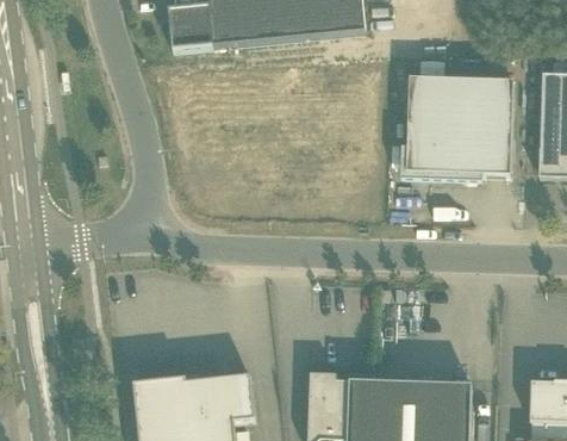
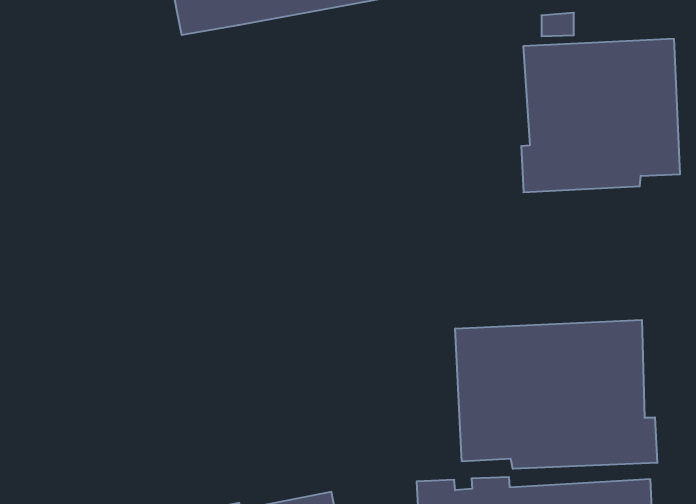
building: none -> [455,320,657,469]

